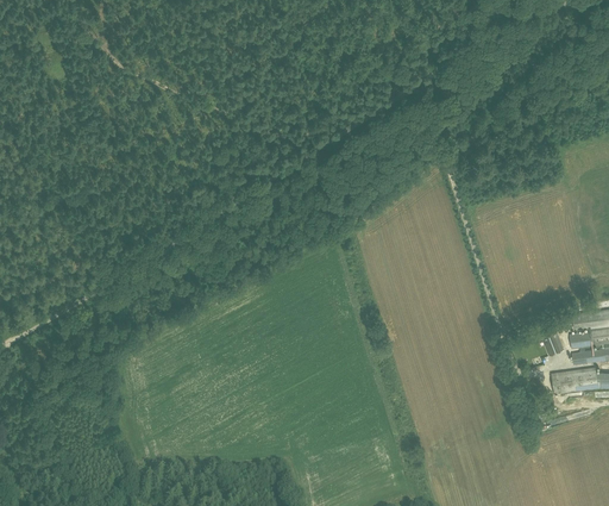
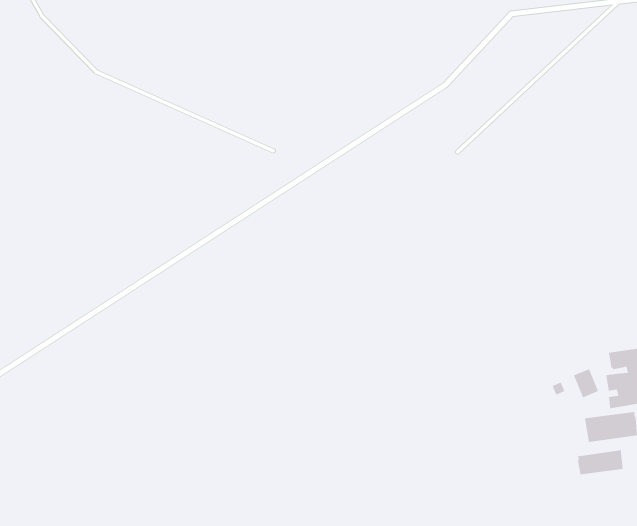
building: none -> [577,450,623,475]

